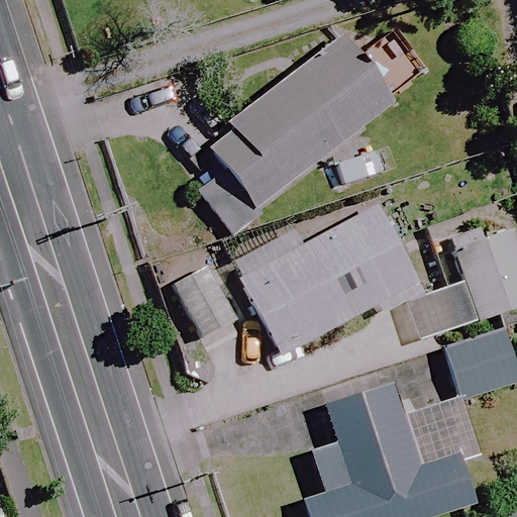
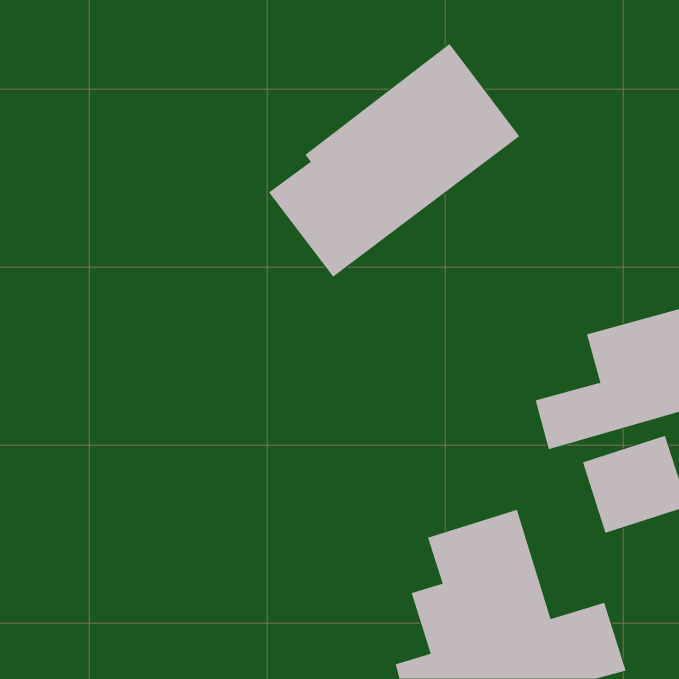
building: [225,198,427,361] -> none

